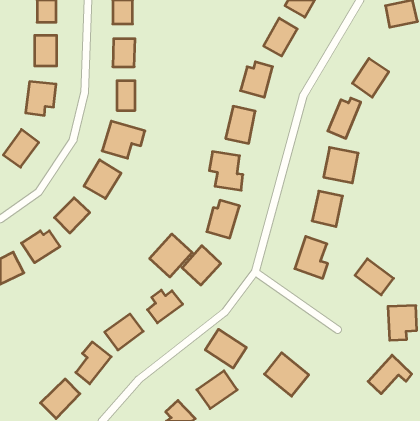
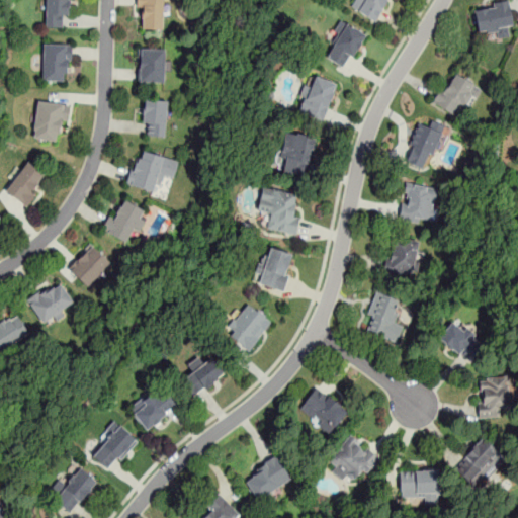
building: [150,234,192,277] -> none
building: [205,329,246,368] -> [298,386,349,434]
building: none -> [400,469,439,504]

